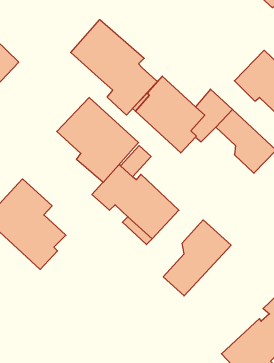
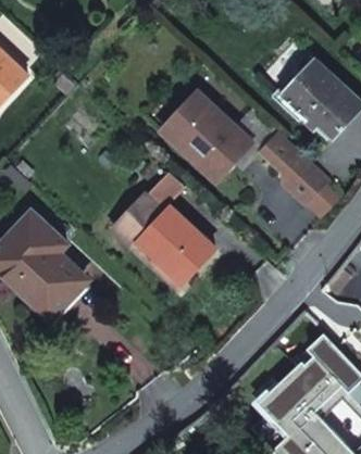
building: [71,20,158,115] -> none
building: [57,98,139,182] -> none
building: [163,220,231,296] -> none

